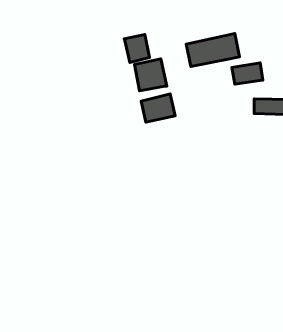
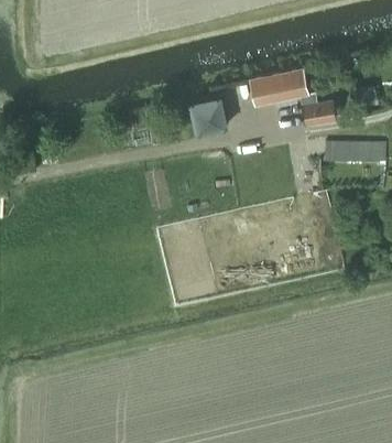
building: [124,34,150,62] -> none
building: [141,94,175,122] -> none

